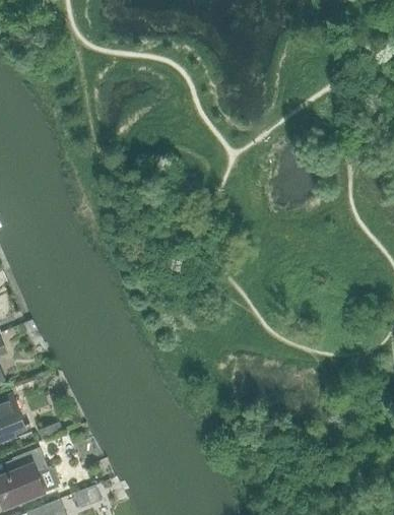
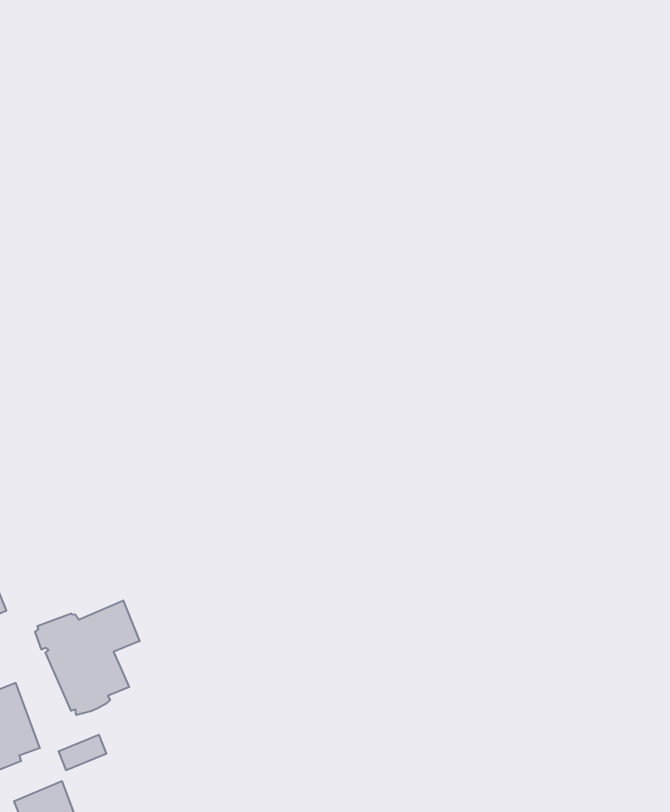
building: none -> [35,600,140,715]

